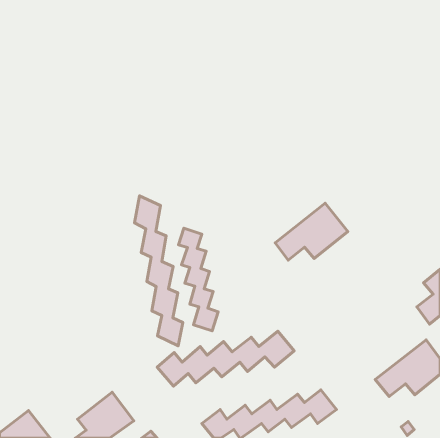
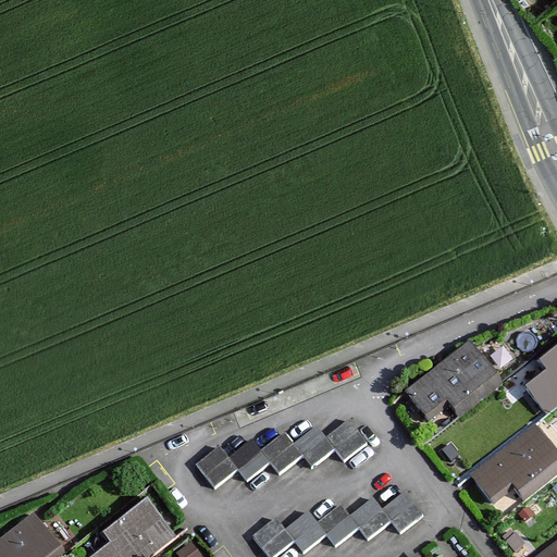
building: [134,196,183,346] -> none
building: [275,203,348,260] -> [409,346,500,418]
building: [178,228,218,331] -> none

